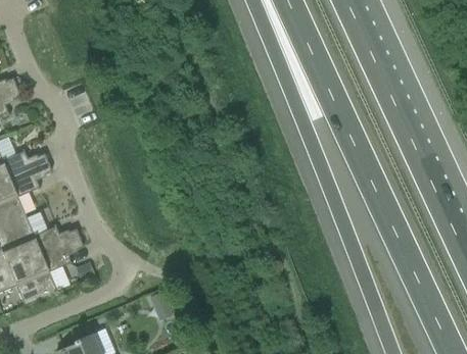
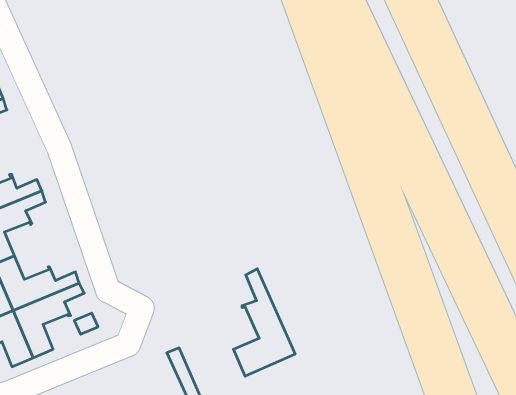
building: none -> [233,269,295,376]

